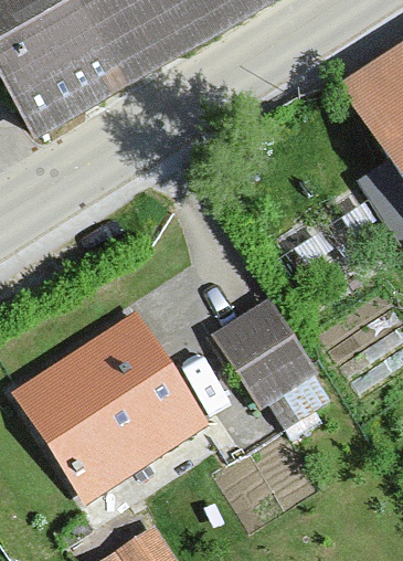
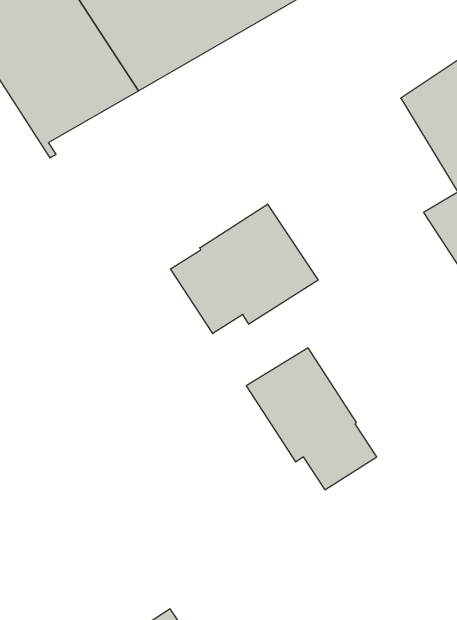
building: none -> [171,204,318,334]
building: [20,319,201,494] -> none

